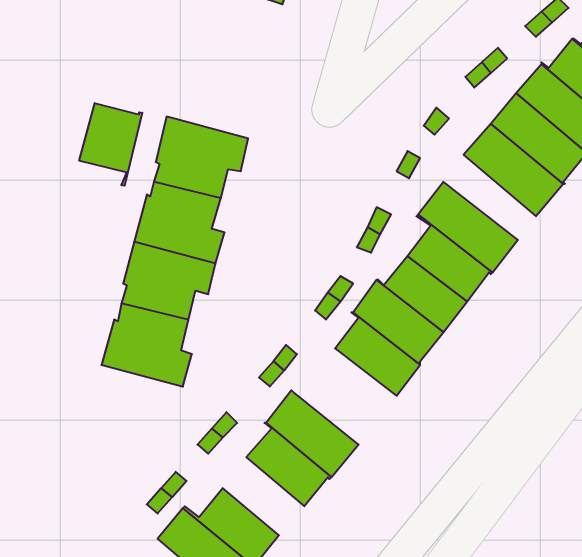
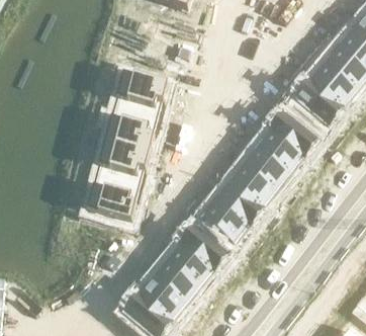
building: [79,103,142,186] -> none
building: none -> [202,198,251,242]
building: none -> [154,259,199,303]

